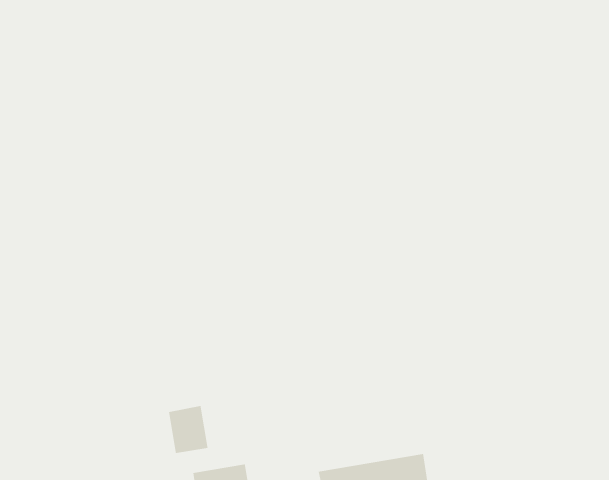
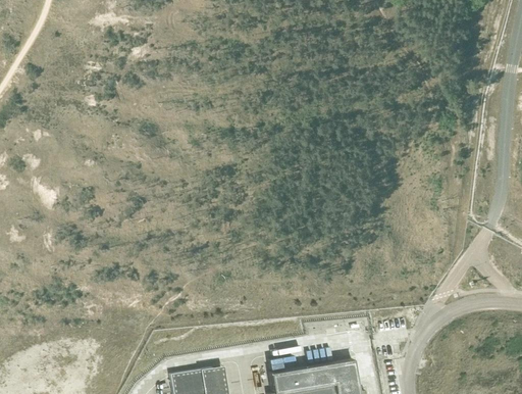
building: [169,405,208,454] -> none

